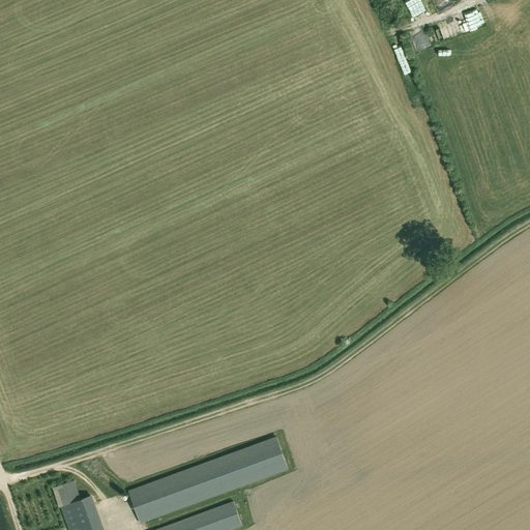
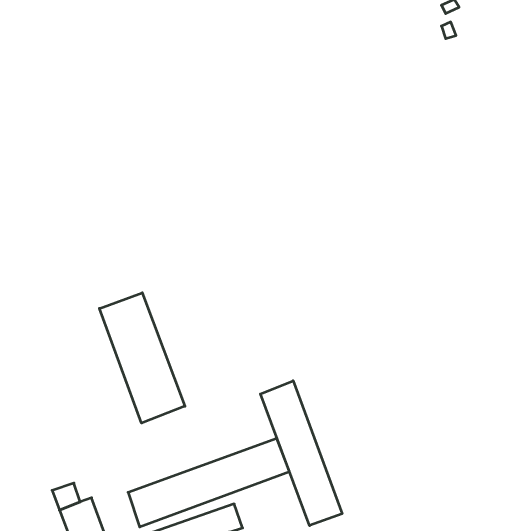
building: none -> [99,293,185,423]
building: none -> [260,381,342,526]

